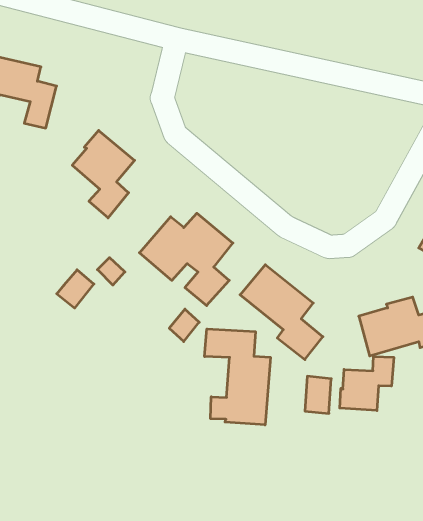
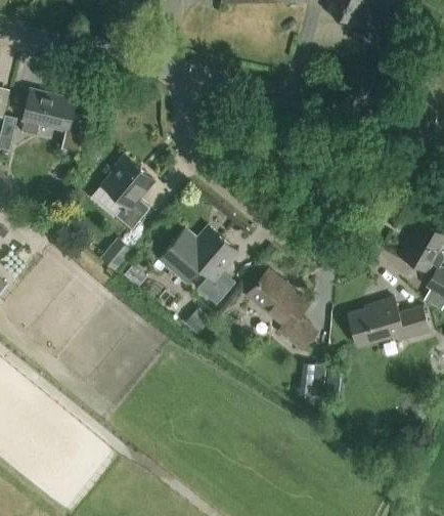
building: [57,270,94,308] -> [100,236,132,269]
building: [205,329,270,425] -> none
building: [340,356,394,411] -> none

